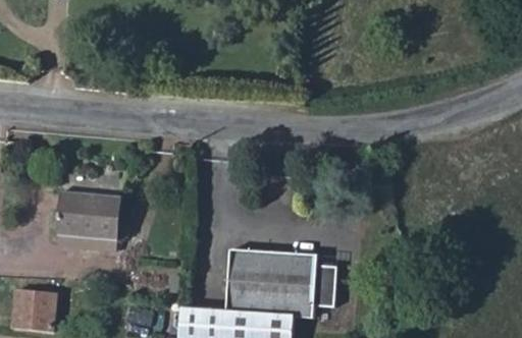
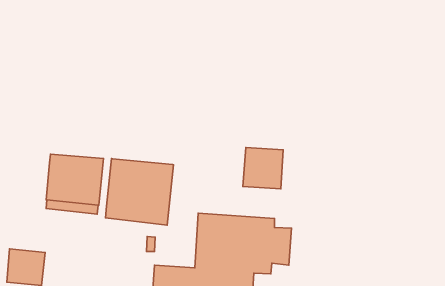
building: none -> [243,148,283,189]
building: none -> [105,159,174,225]

